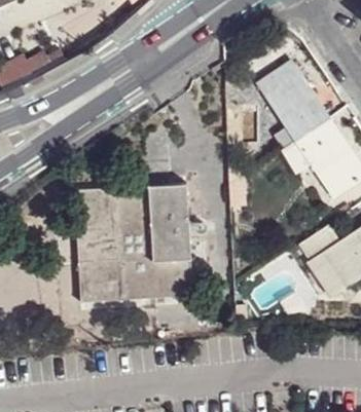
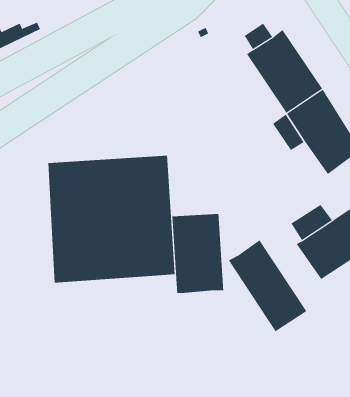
building: none -> [172,213,224,294]
building: none -> [228,240,307,332]

